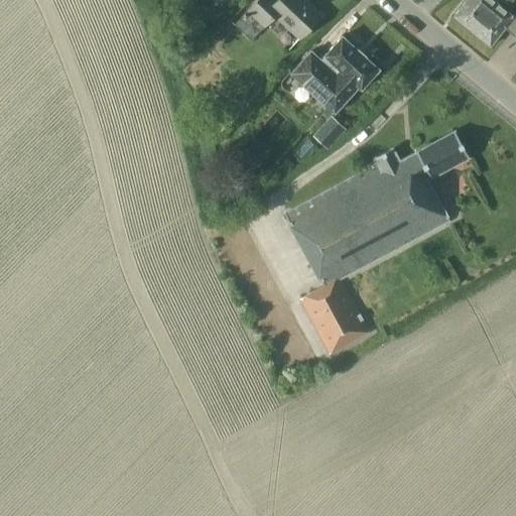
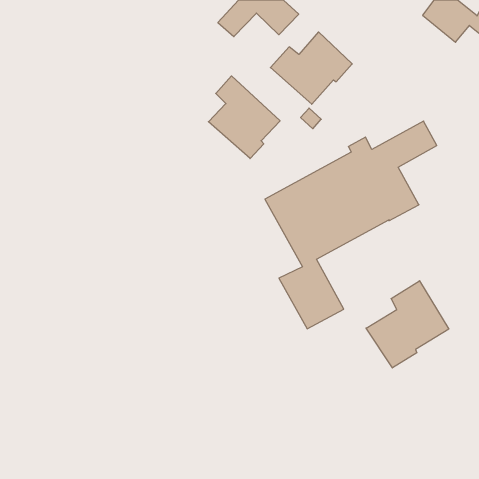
building: none -> [208,76,280,159]
building: none -> [366,281,449,368]

